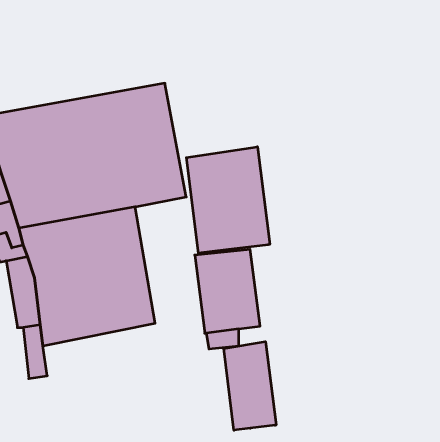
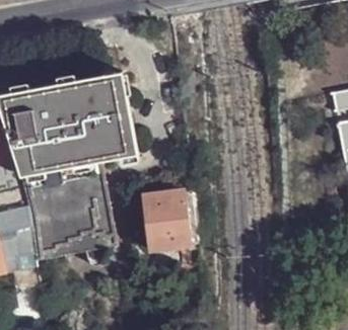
building: [186,147,270,253] -> none
building: [224,342,276,430] -> none

